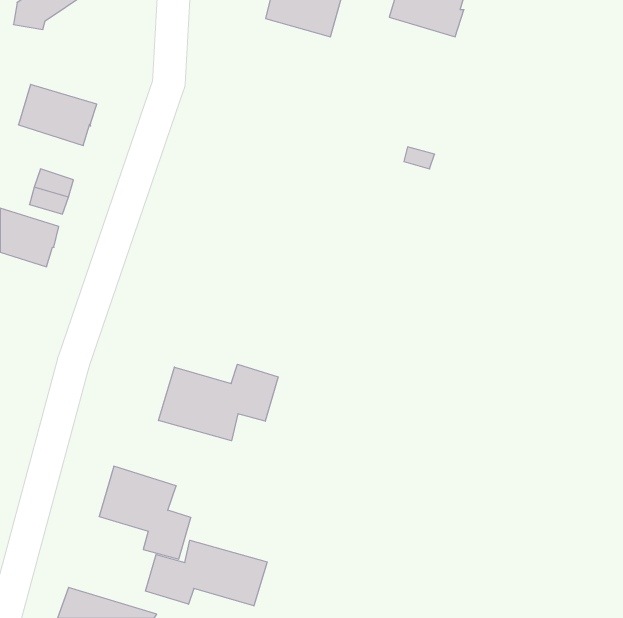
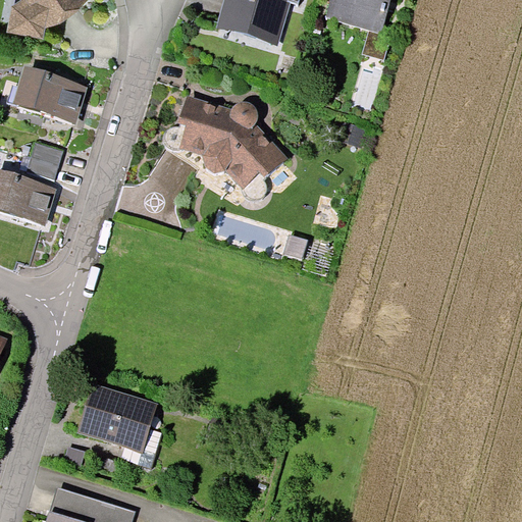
building: none -> [164,100,283,199]
building: [159,364,278,441] -> none
building: [145,540,267,606] -> none

